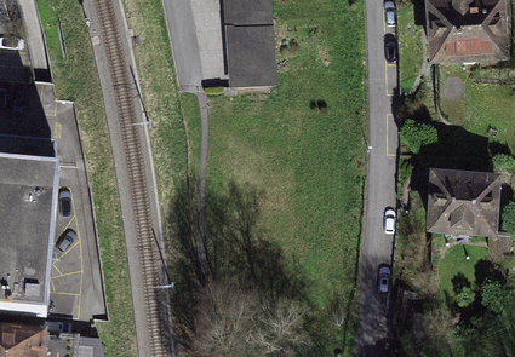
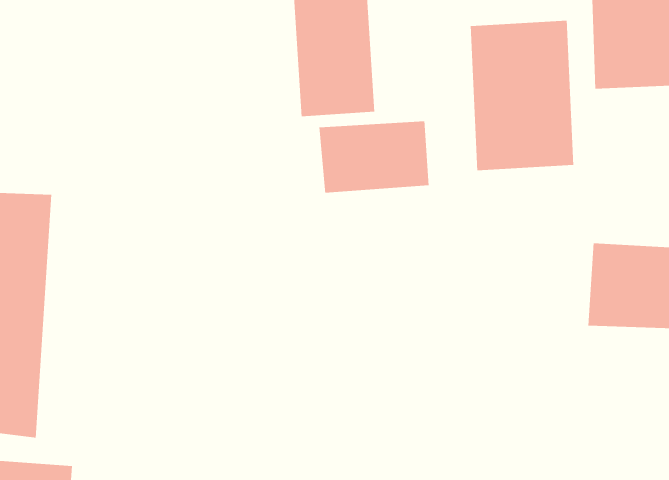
building: none -> [470,20,574,171]
building: none -> [319,121,429,194]

